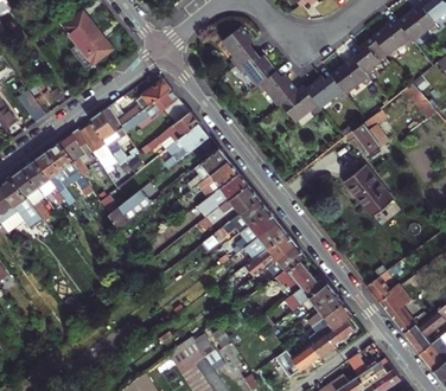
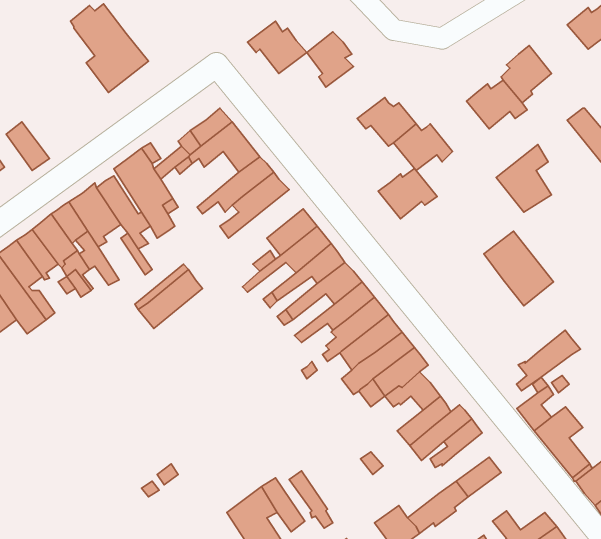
building: [374,24,414,57] -> none
building: [235,52,275,88] -> [248,21,307,73]
building: [306,76,346,110] -> [378,169,437,219]
building: [308,302,352,344] -> [516,330,581,391]

